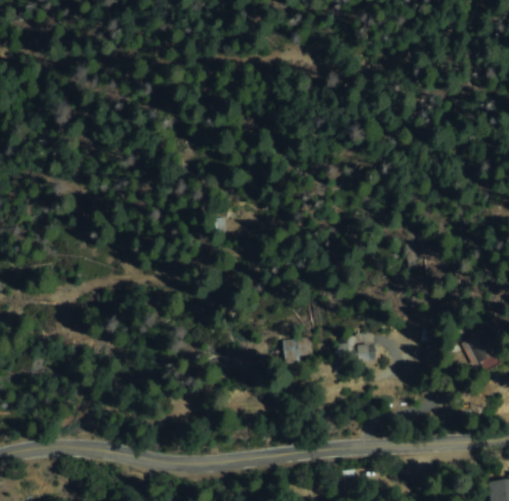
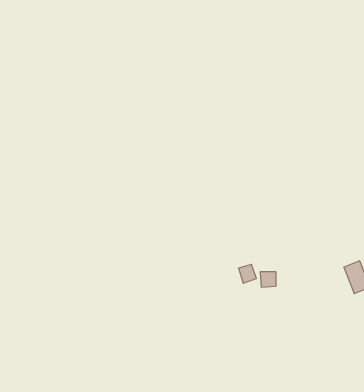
building: [281,338,306,365] -> none

